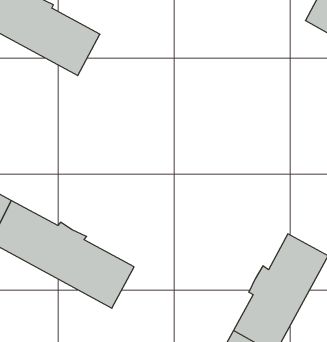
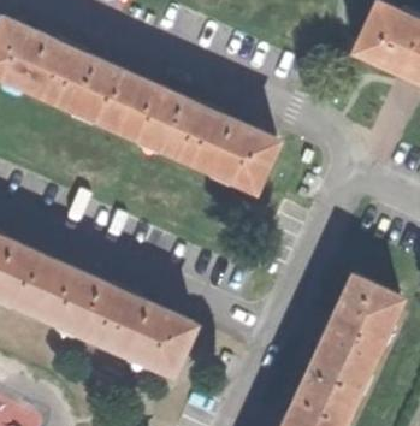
building: none -> [118,81,274,188]

